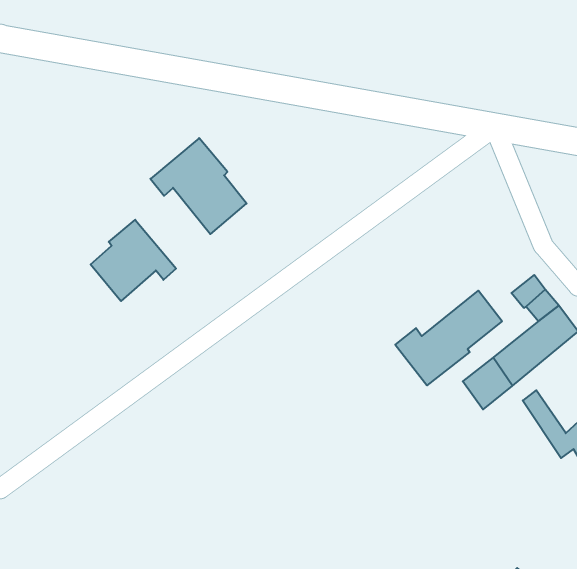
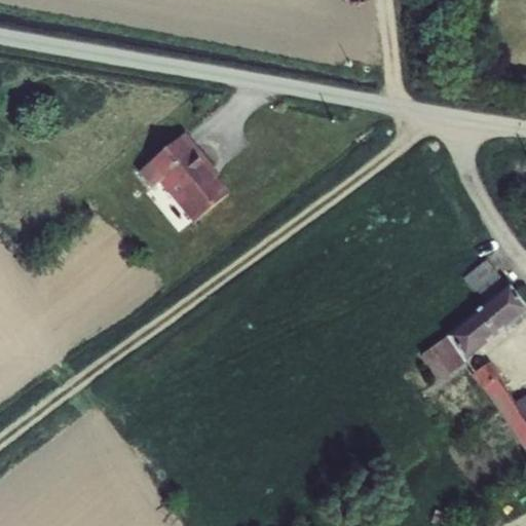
building: [91,220,176,301] -> none
building: [395,291,502,385] -> none

